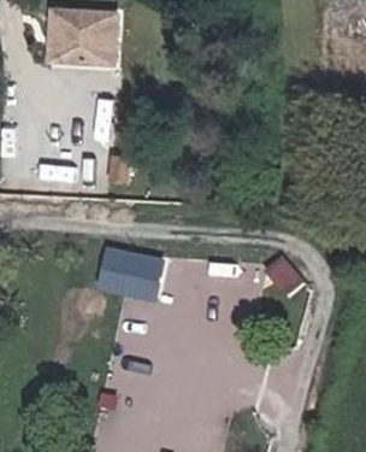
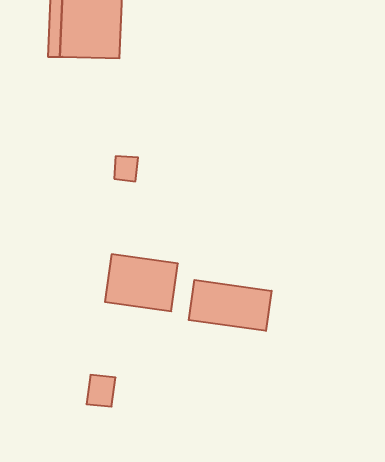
building: none -> [189,280,272,331]

